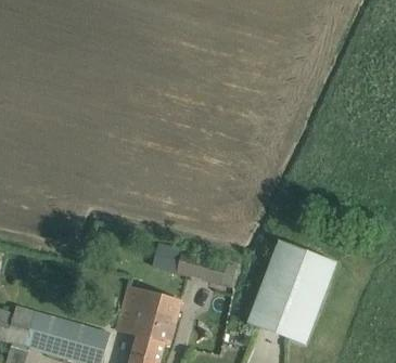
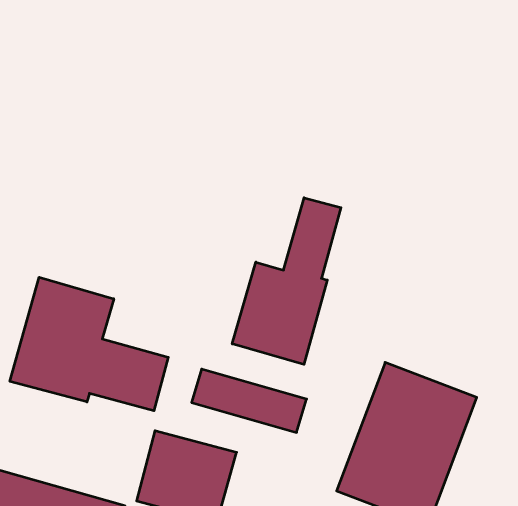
building: none -> [232,198,341,364]
building: none -> [10,277,168,411]

